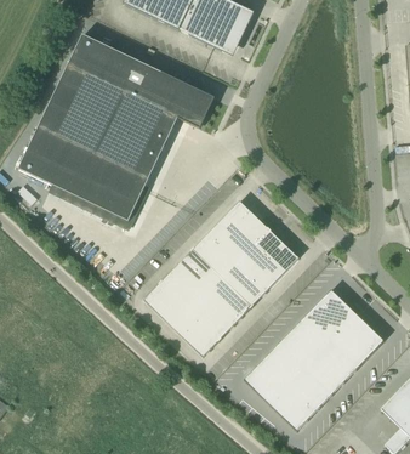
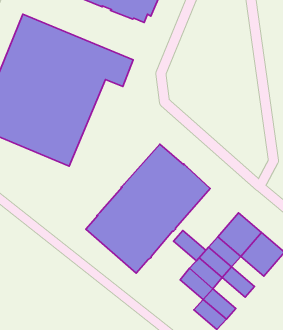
building: [319,342,358,380] -> none
building: [244,367,283,404] -> [173,231,206,261]
building: [295,367,334,405] -> none

